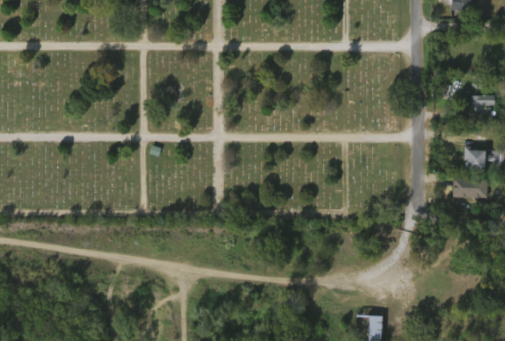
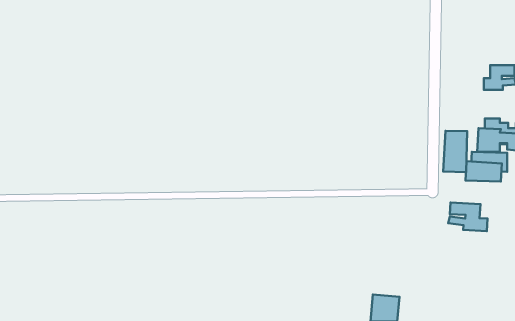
building: none -> [443,131,467,172]
building: none -> [448,203,487,231]

